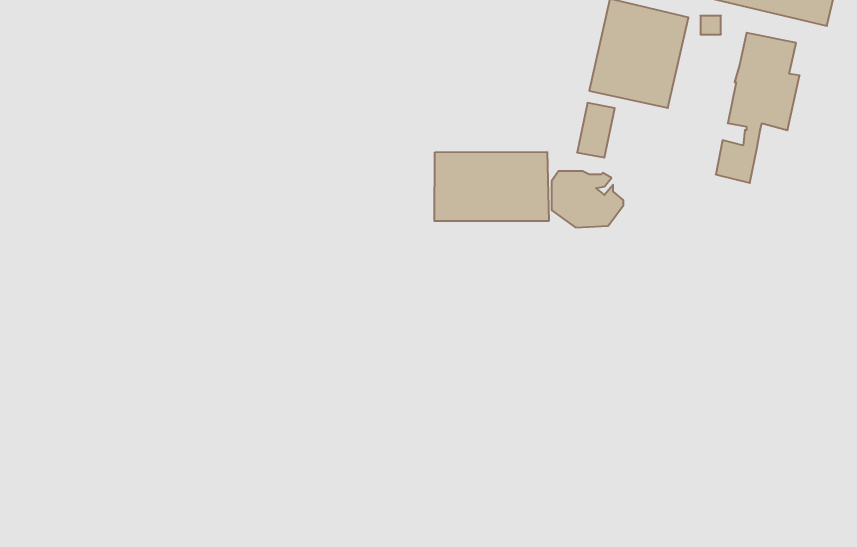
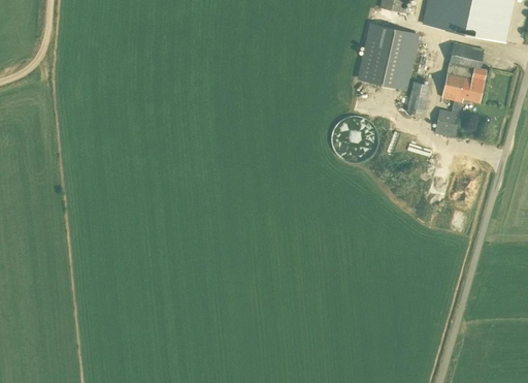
building: [577,103,615,158] -> [406,82,429,115]
building: [434,152,549,221] -> none

